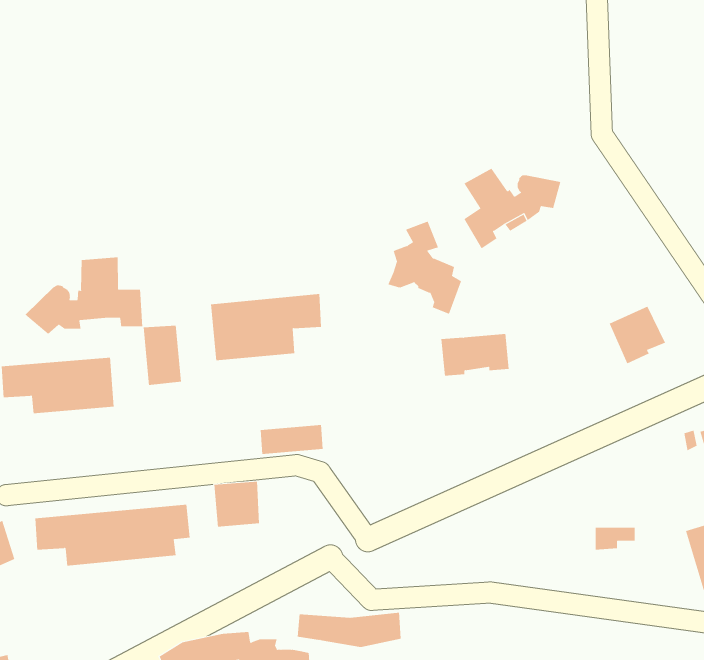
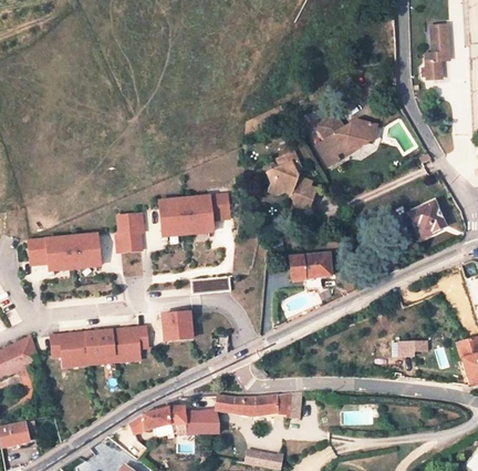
building: none -> [425,23,448,78]
building: [24,256,143,335] -> none
building: [441,334,510,376] -> [288,253,331,279]
building: none -> [278,390,309,419]

